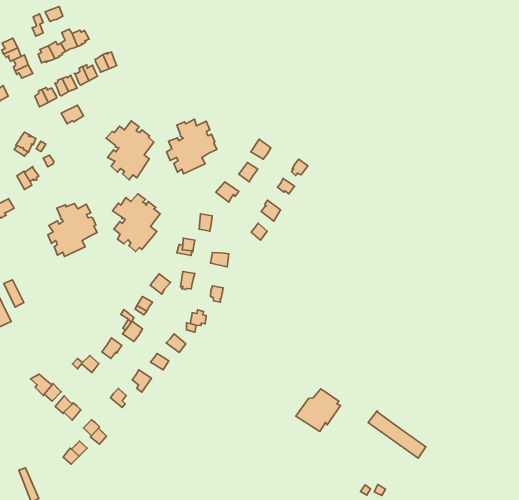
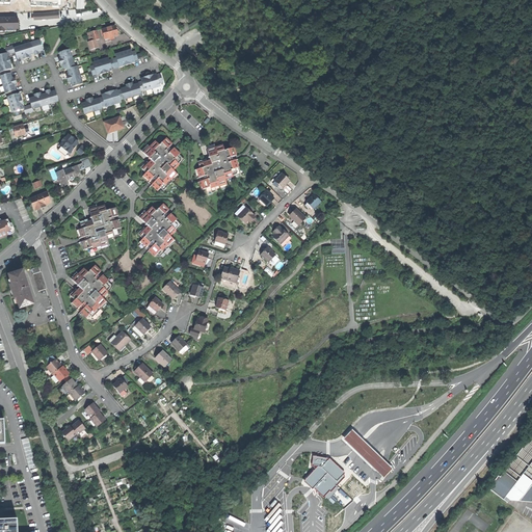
building: none -> [69,265,112,317]
building: [296,389,341,431] -> [304,459,346,498]

